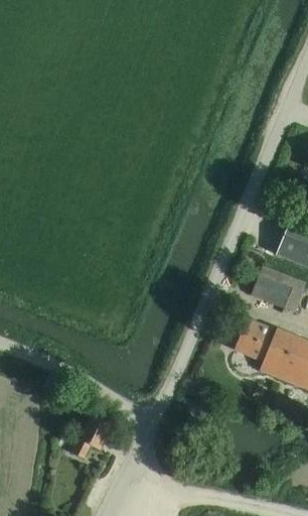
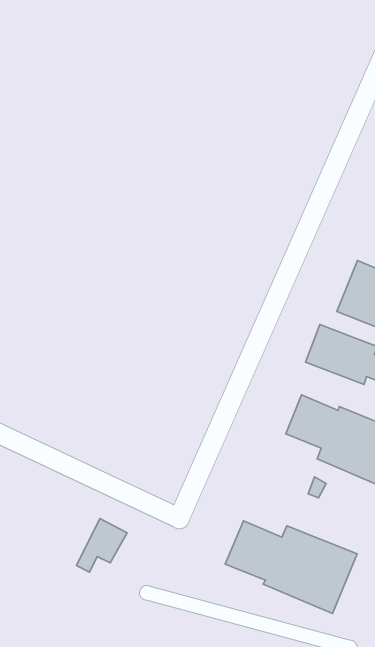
building: none -> [225,521,357,613]

